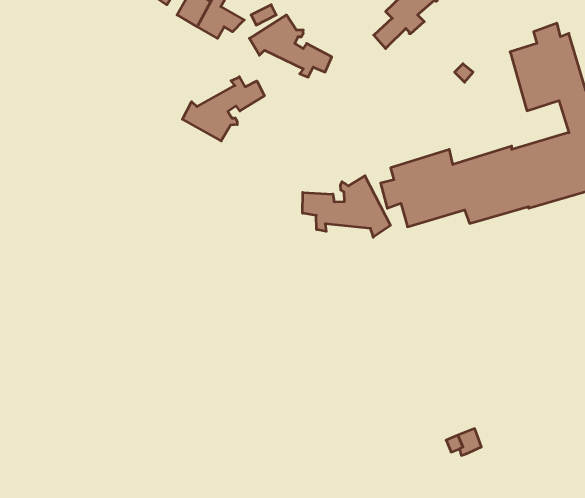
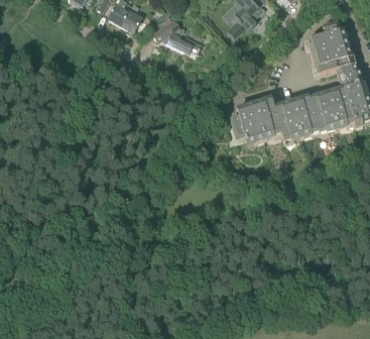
building: [182,77,264,141] -> none
building: [303,176,390,237] -> none

